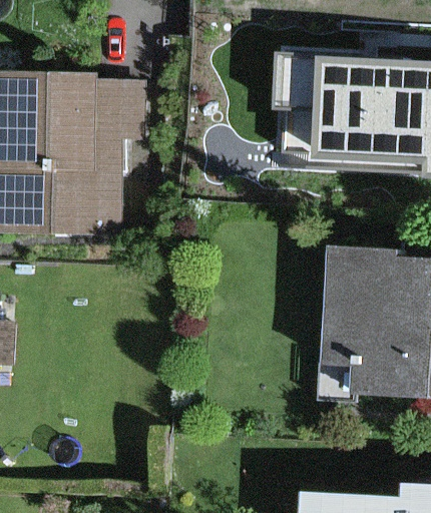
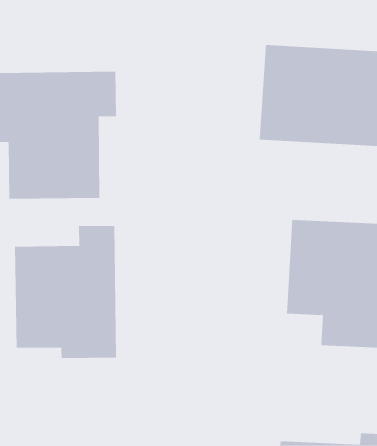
building: none -> [15,225,116,359]

